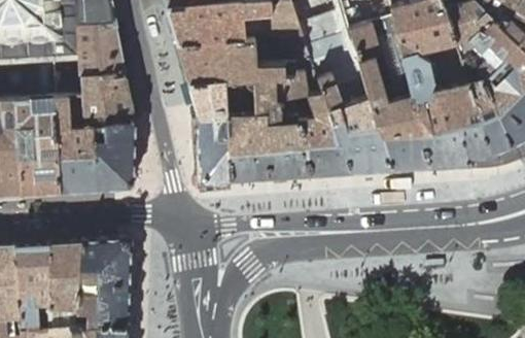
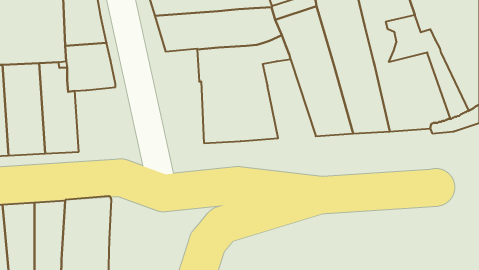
building: [461,61,513,157] -> none
building: [188,81,230,184] -> none
building: [292,93,349,177] -> none
building: [93,123,135,192] -> none

